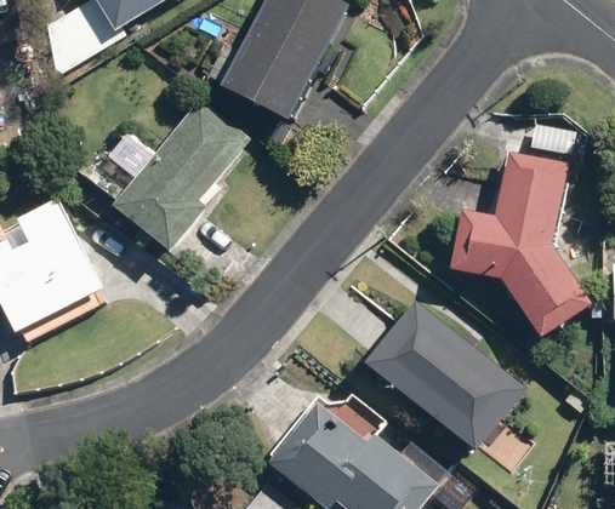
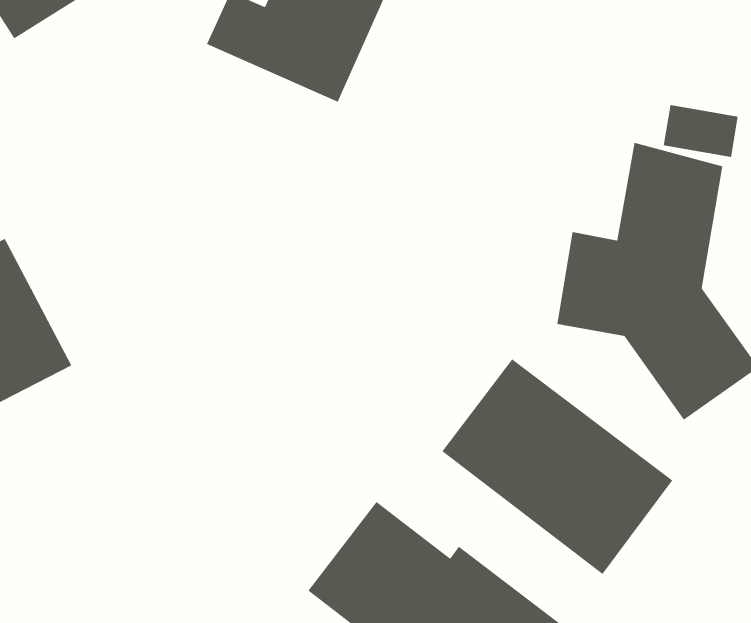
building: [103,97,247,250] -> none

